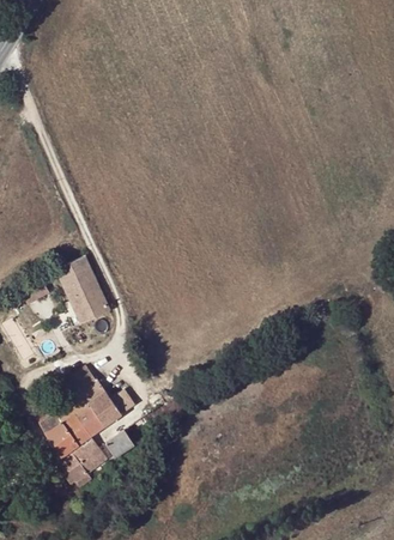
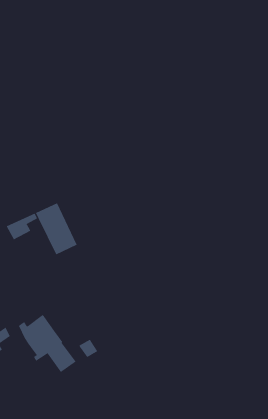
building: [67,369,135,436] -> none
building: [55,451,89,486] -> none

